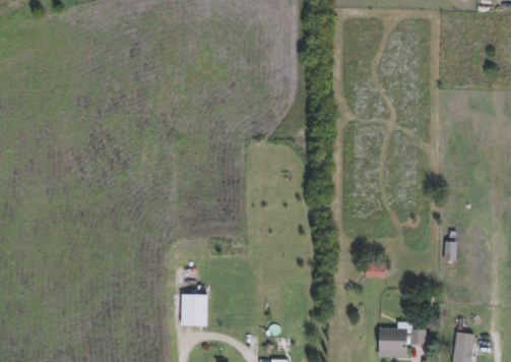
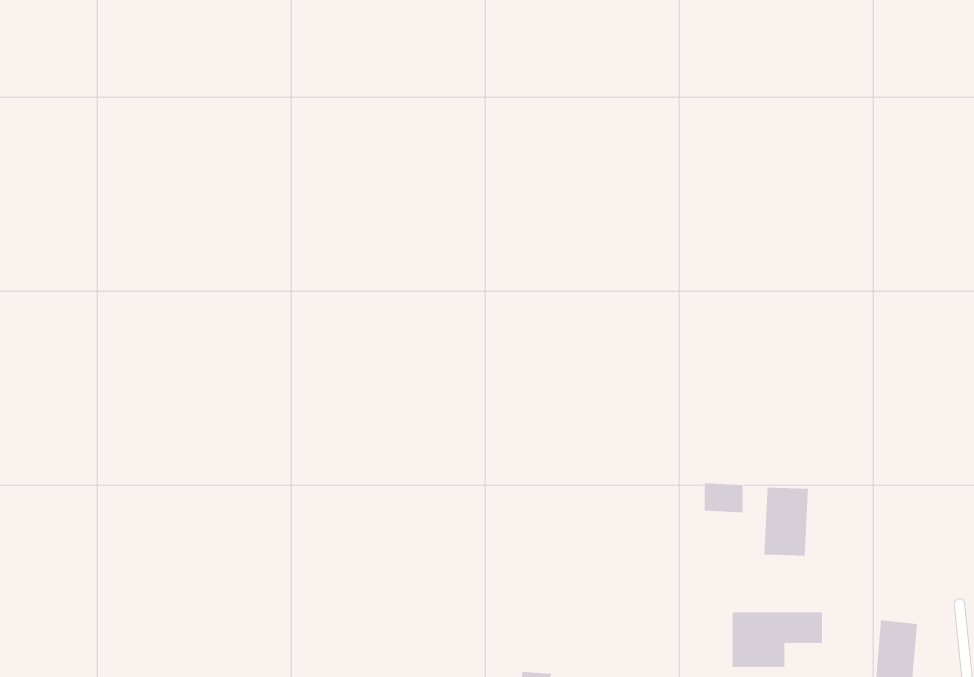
building: none -> [764,487,809,557]
building: [181,293,206,324] -> none

